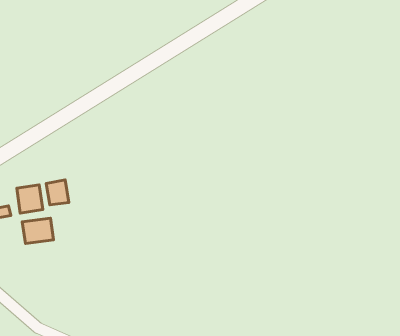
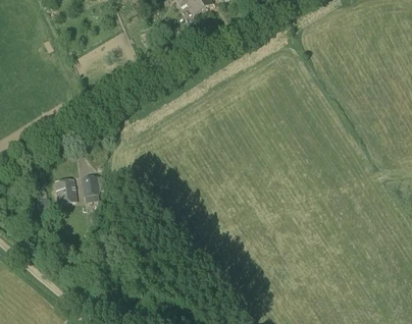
building: [22,218,54,244] -> none

